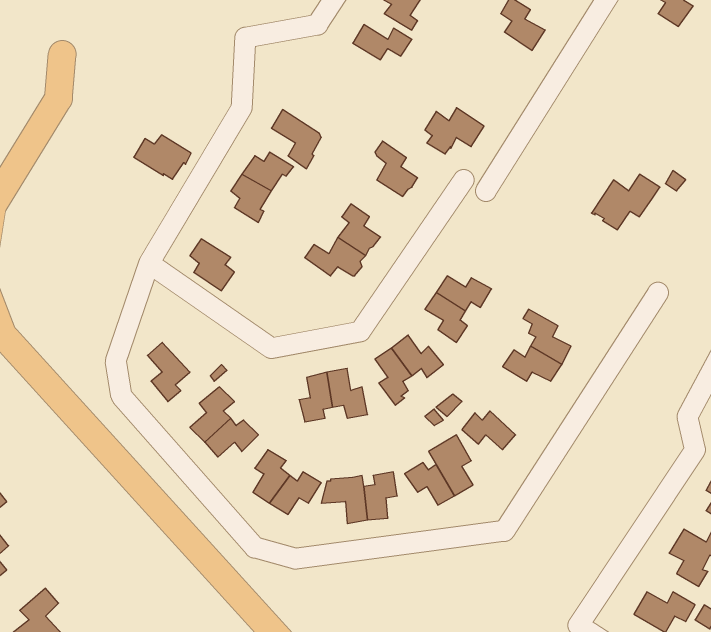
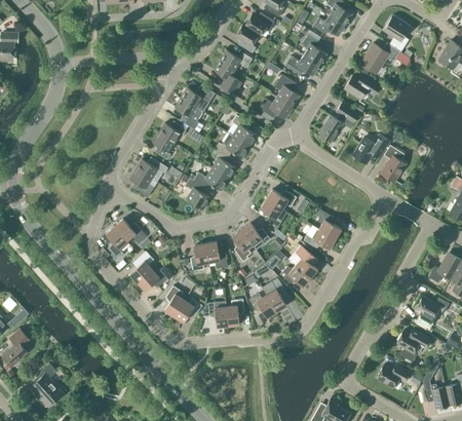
building: none -> [361,43,405,77]
building: none -> [284,54,319,75]
building: none -> [214,61,241,95]
building: none -> [274,74,300,107]
building: none -> [344,75,380,100]
building: none -> [181,85,215,112]
building: none -> [318,103,359,142]
building: [134,135,191,179] -> [136,157,167,182]
building: none -> [215,133,247,157]
building: none -> [381,145,406,182]
building: none -> [185,178,209,208]
building: none -> [114,219,147,244]
building: none -> [288,245,317,278]

